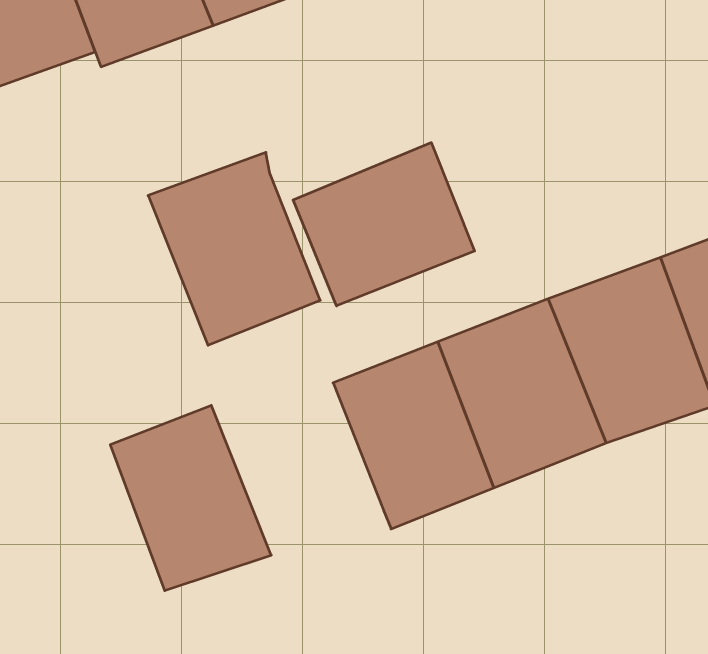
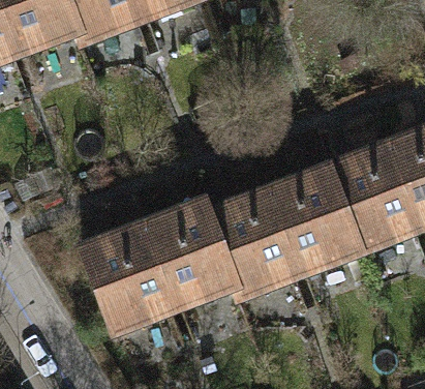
building: [293,143,475,306] -> none
building: [148,152,320,345] -> [140,202,235,308]

